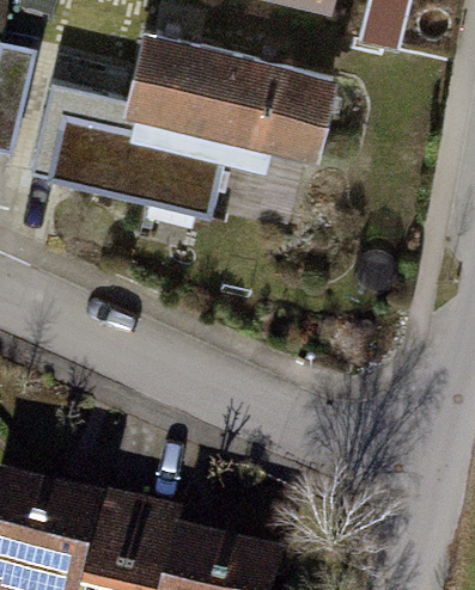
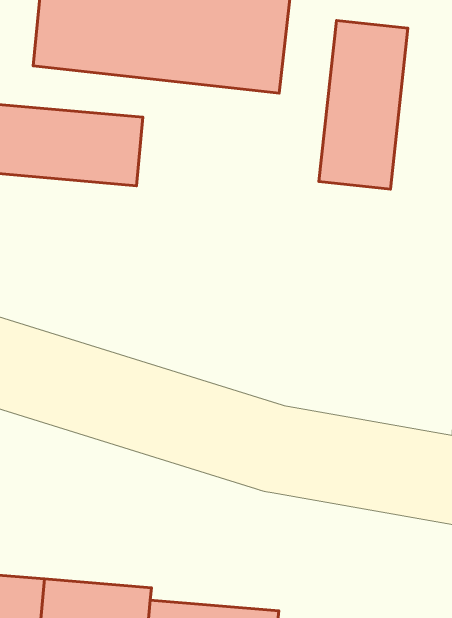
building: none -> [319,21,408,189]

